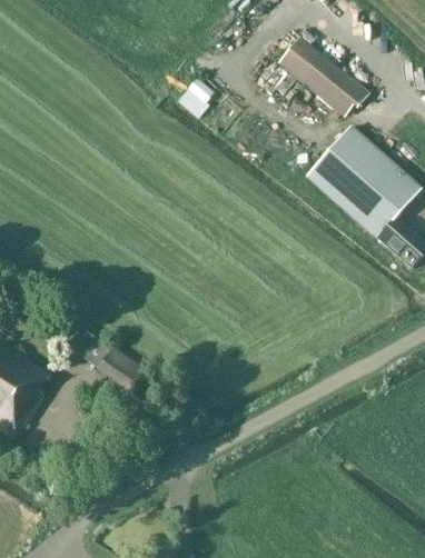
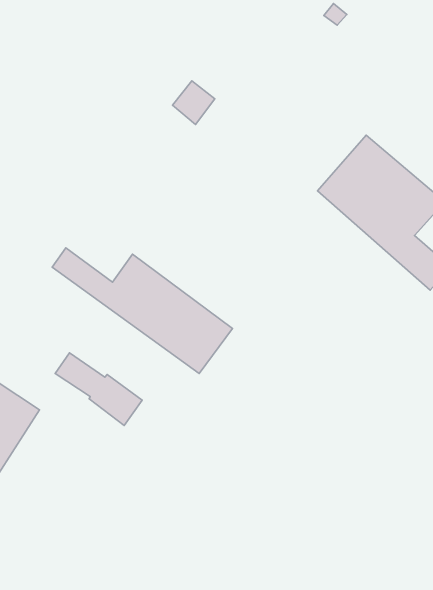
building: [278,37,368,117] -> none
building: none -> [52,248,233,373]

